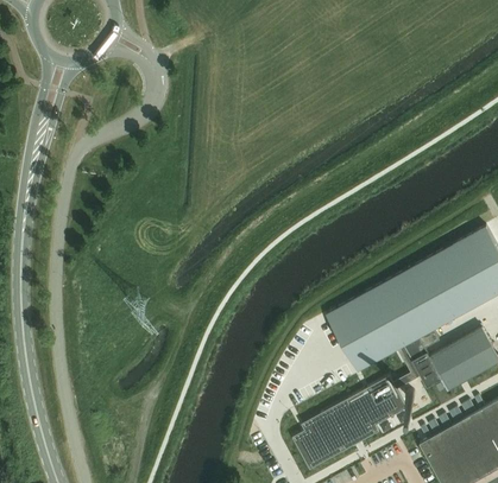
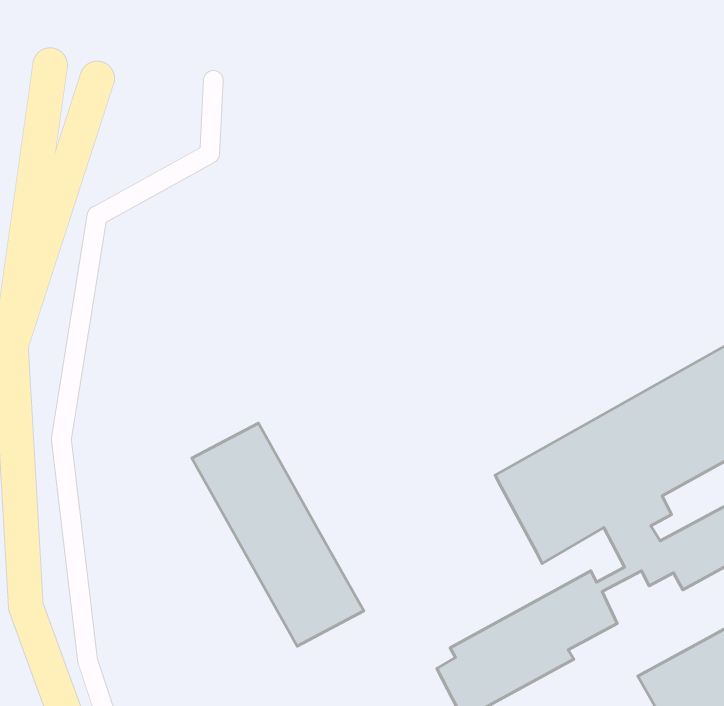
building: none -> [192,423,364,646]

